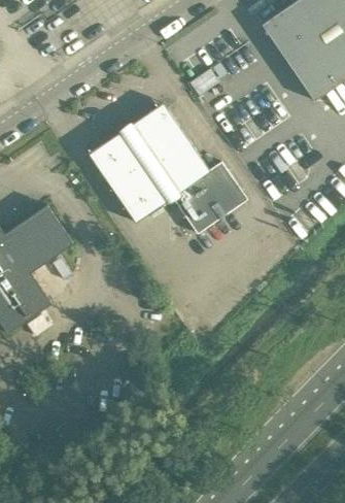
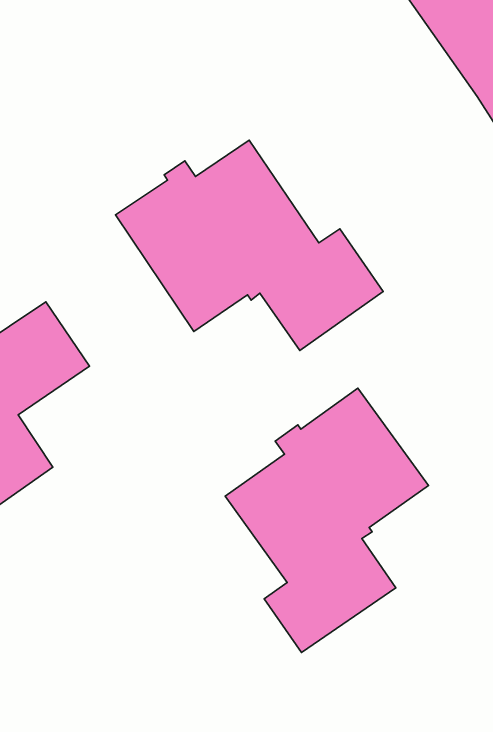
building: none -> [225,388,428,652]

